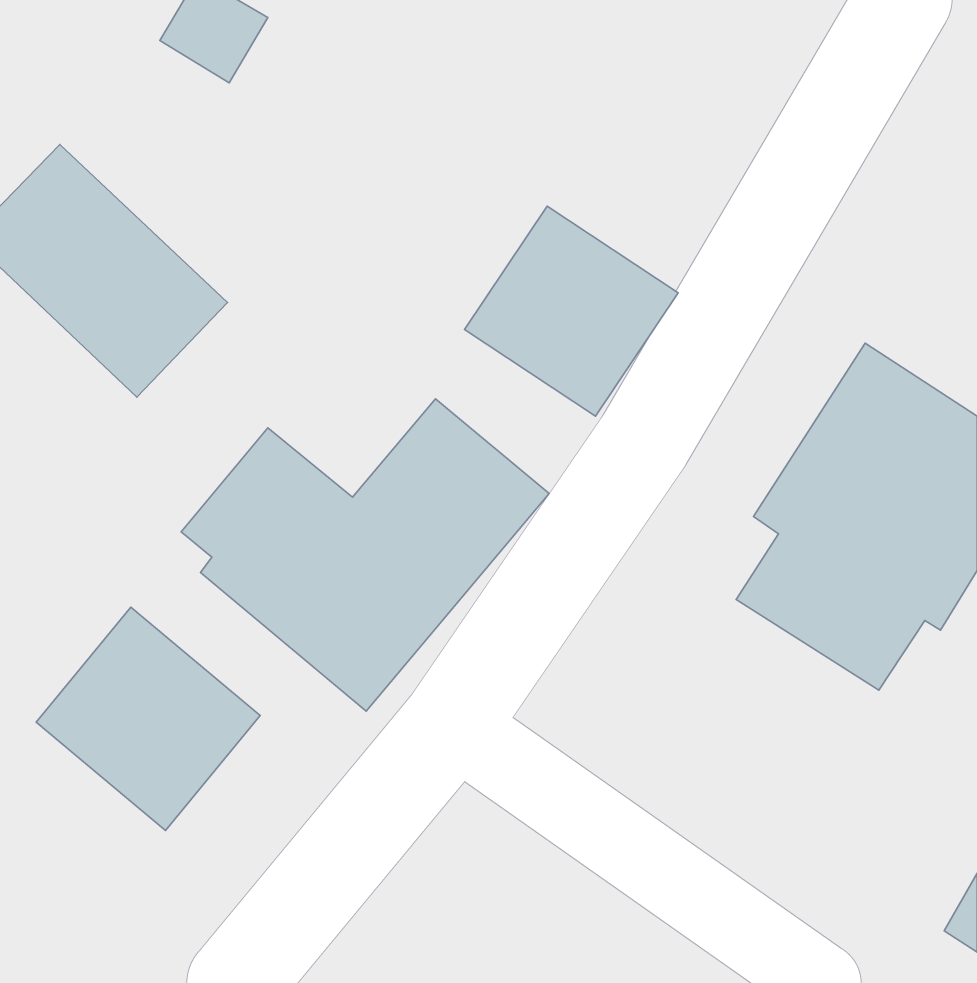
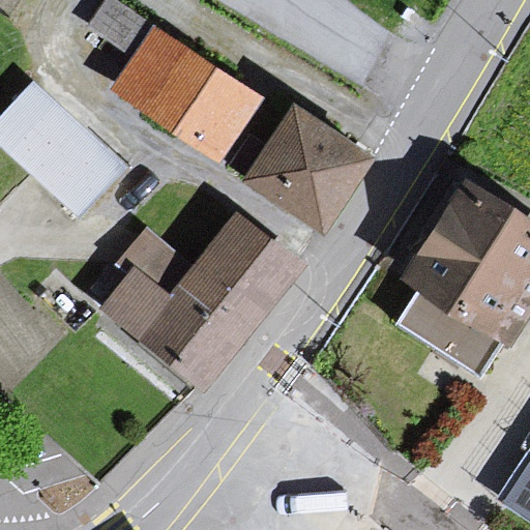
building: none -> [113,27,256,155]
building: [36,607,260,831] -> none

